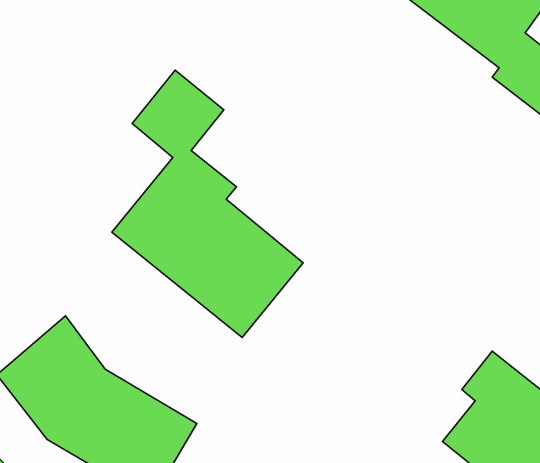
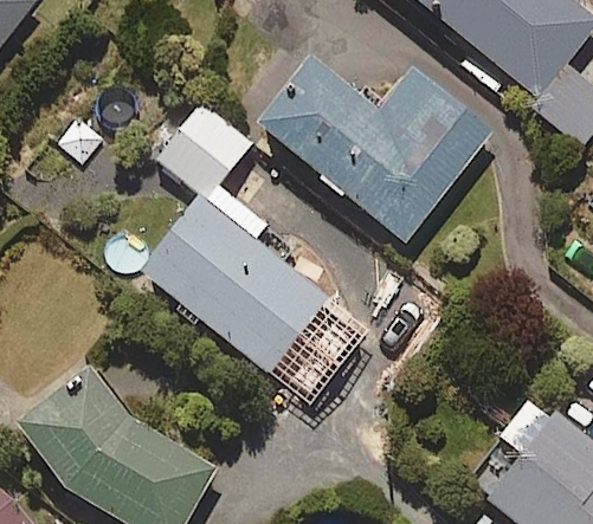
building: none -> [257,53,492,238]

